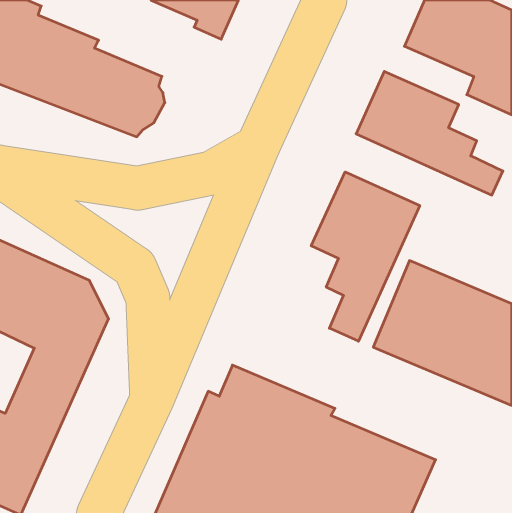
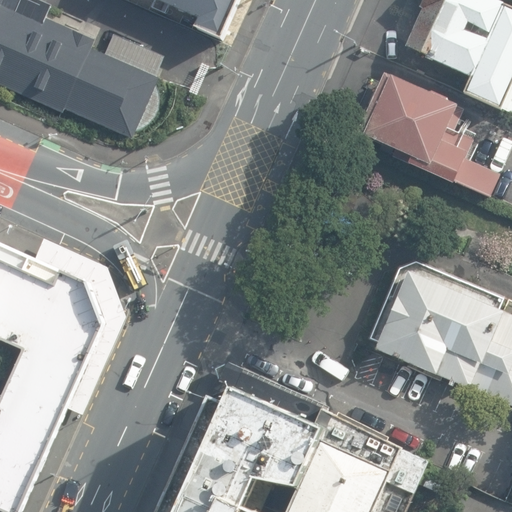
building: [311,172,420,341] -> none

